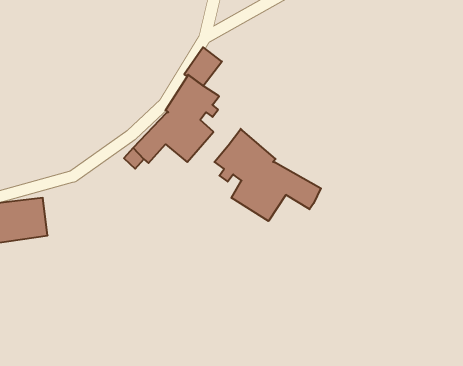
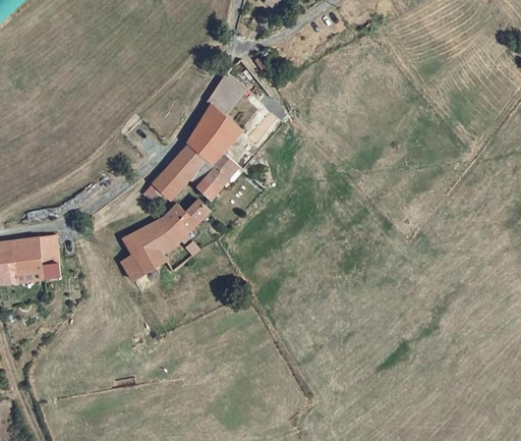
building: [214,129,321,221] -> none
building: none -> [120,200,208,281]

